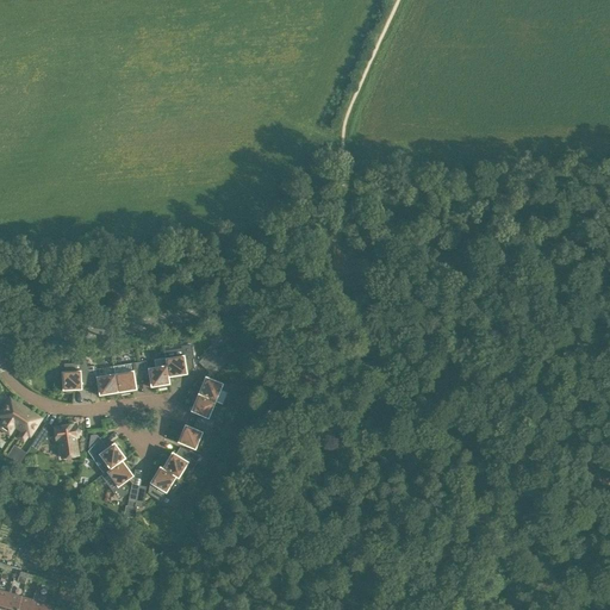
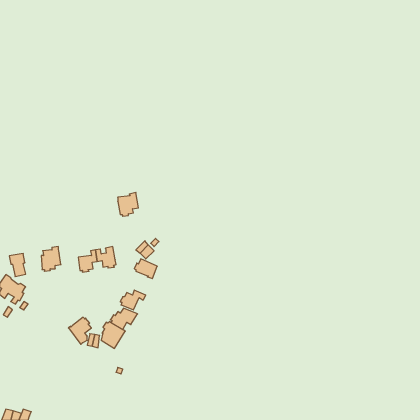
building: [163,344,193,379] -> [118,192,138,216]
building: [86,366,116,397] -> none
building: [188,393,214,428] -> none
building: [50,424,74,458] -> [9,254,26,277]
building: [86,437,124,474] -> none

